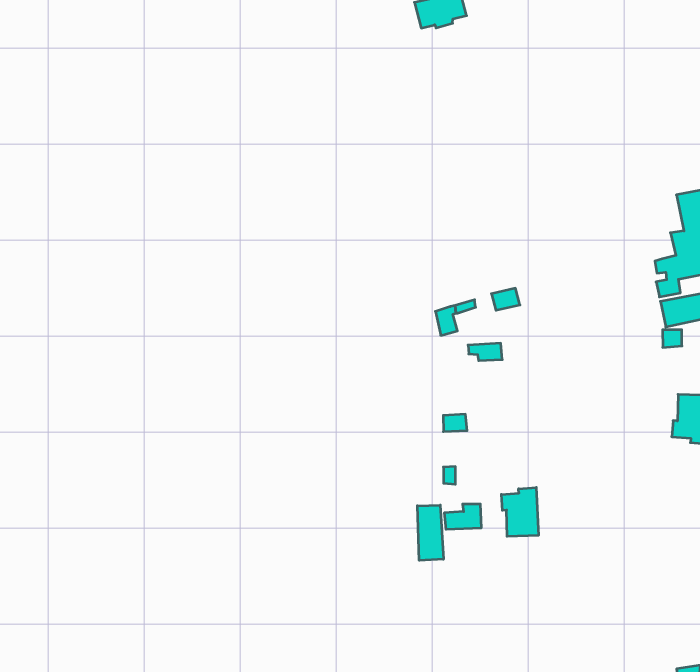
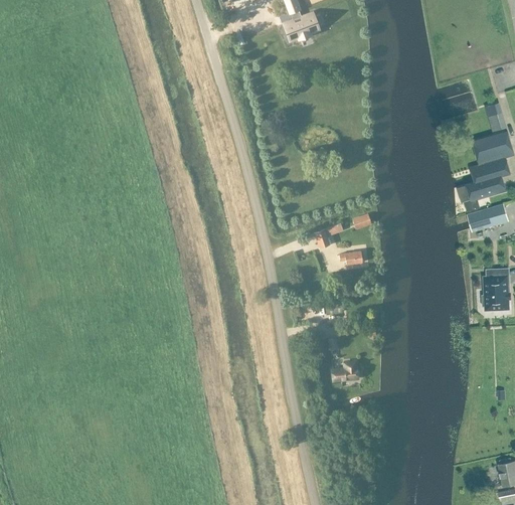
building: [501,487,538,536] -> none
building: [417,505,443,560] -> none

